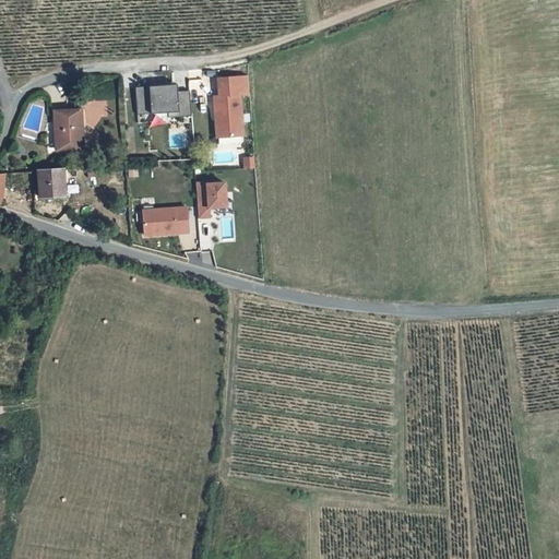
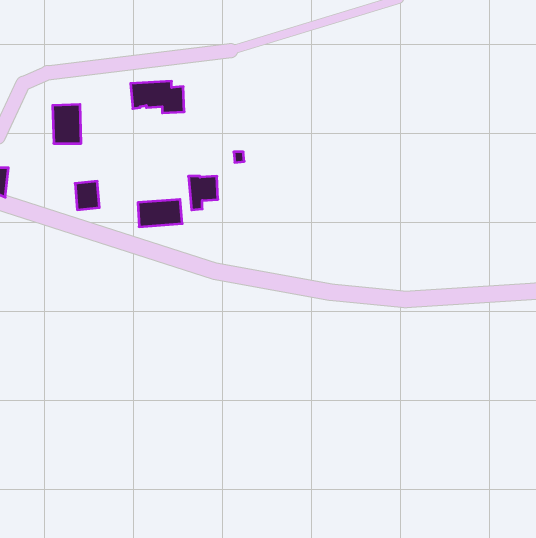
building: [213,75,248,138] -> none
building: [36,169,61,199] -> [75,181,99,210]

